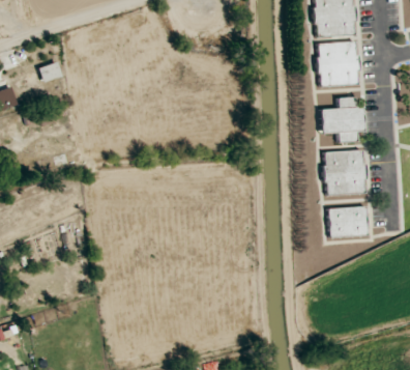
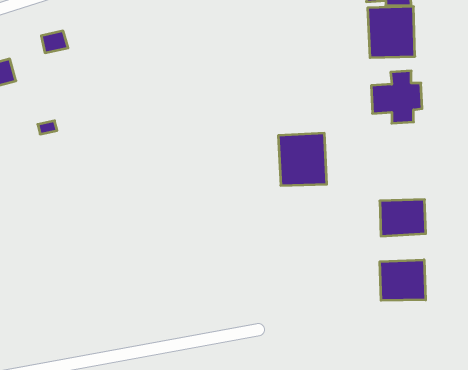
building: [324,149,365,194] -> [278,133,327,185]
building: none -> [380,260,426,300]

